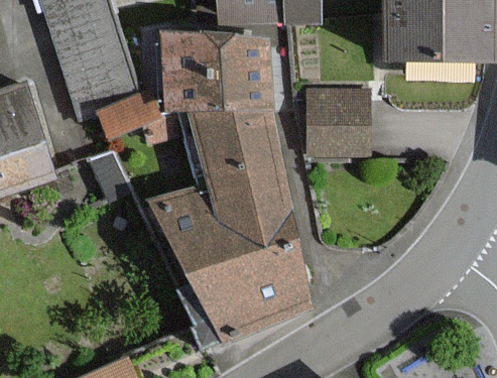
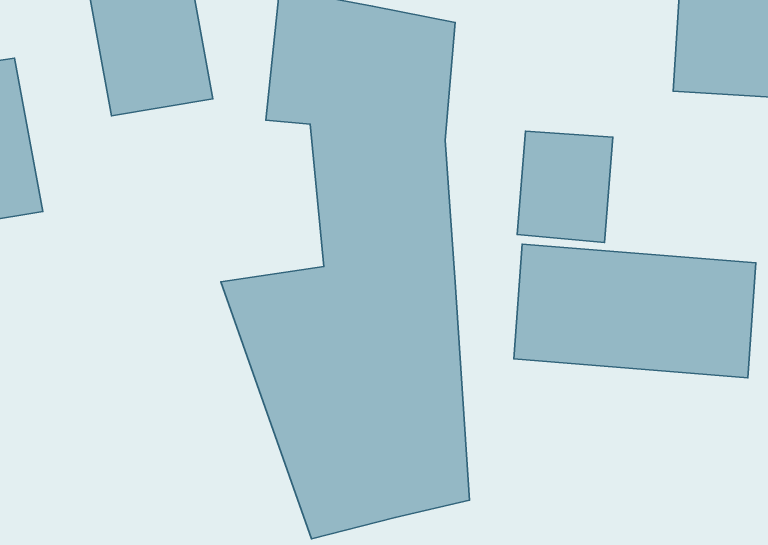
building: none -> [514,244,756,378]

